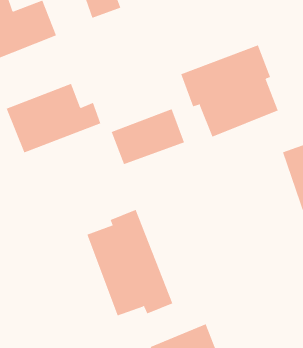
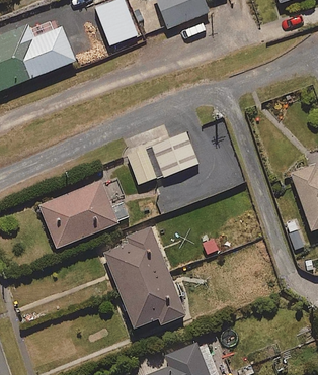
building: [180,44,279,138] -> none
building: [6,83,101,153] -> [38,182,130,249]

